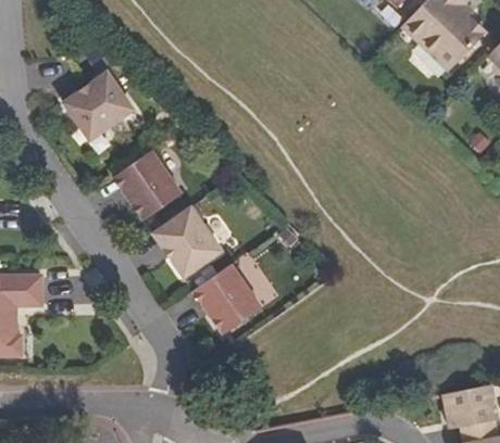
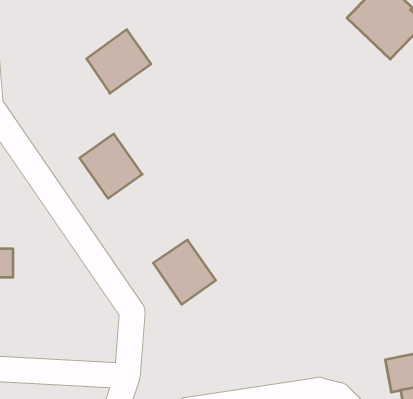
building: [65,73,135,141] -> [87,30,151,93]
building: [154,207,222,277] -> none

